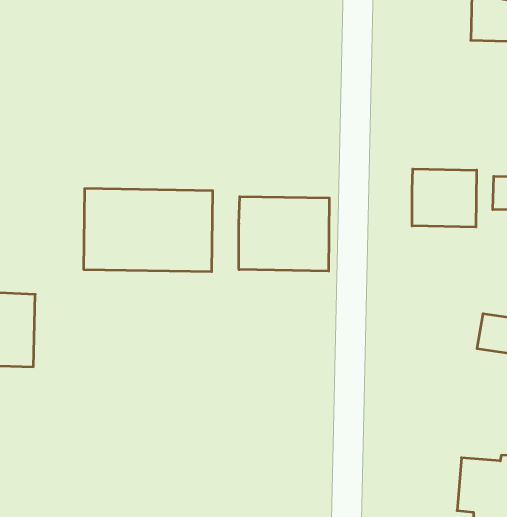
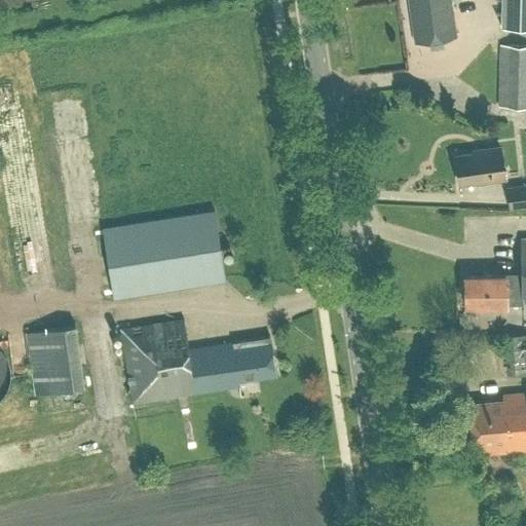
building: [412,169,477,227] -> none
building: [239,197,329,271] -> none
building: none -> [121,321,277,405]

